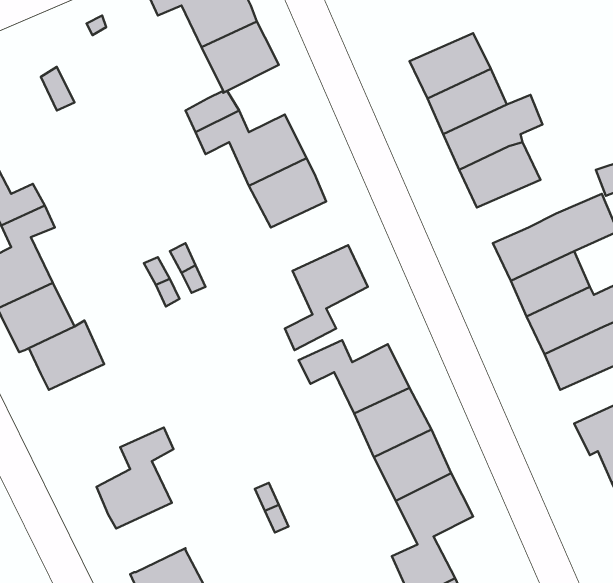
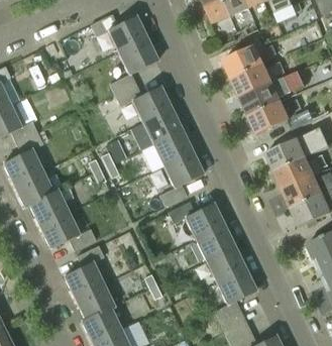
building: none -> [153,130,193,165]
building: none -> [40,213,96,250]
building: none -> [75,283,114,319]

